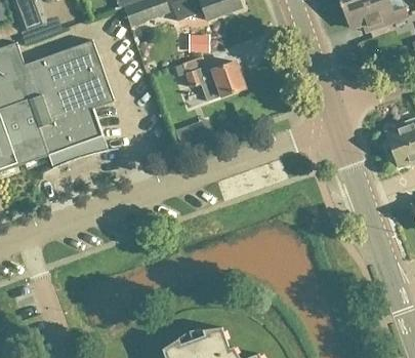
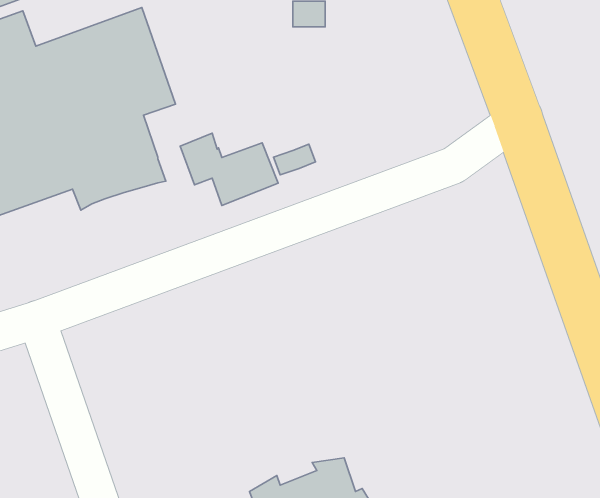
building: [181,54,244,101] -> [180,133,278,206]

